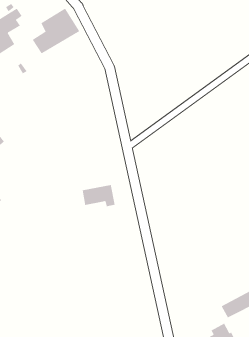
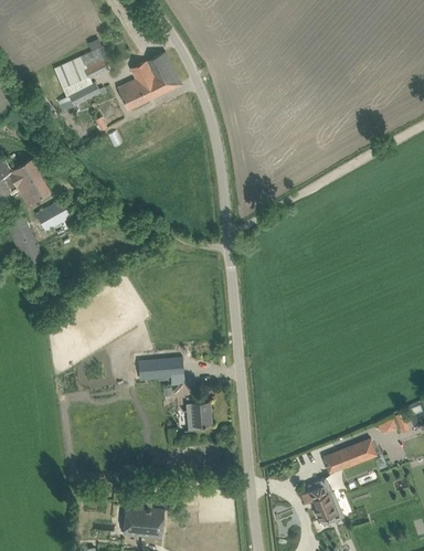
building: [82,185,115,207] -> [144,358,184,385]
building: none -> [187,403,212,432]

